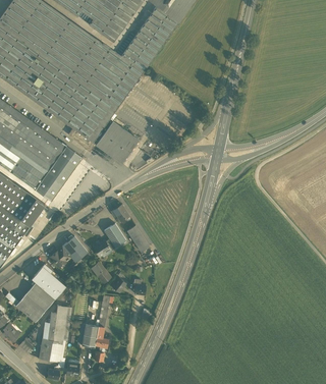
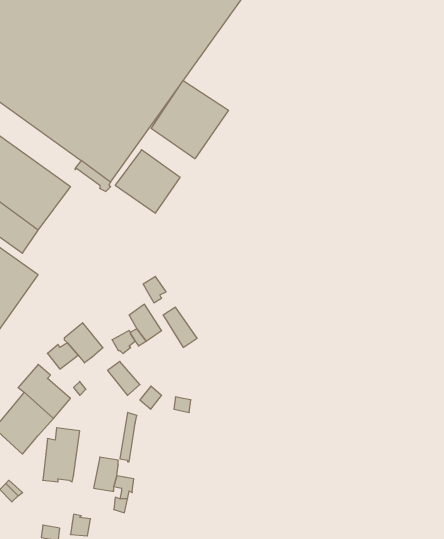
building: none -> [151,80,229,159]
building: [34,146,82,202] -> none
building: [38,338,64,364] -> none

